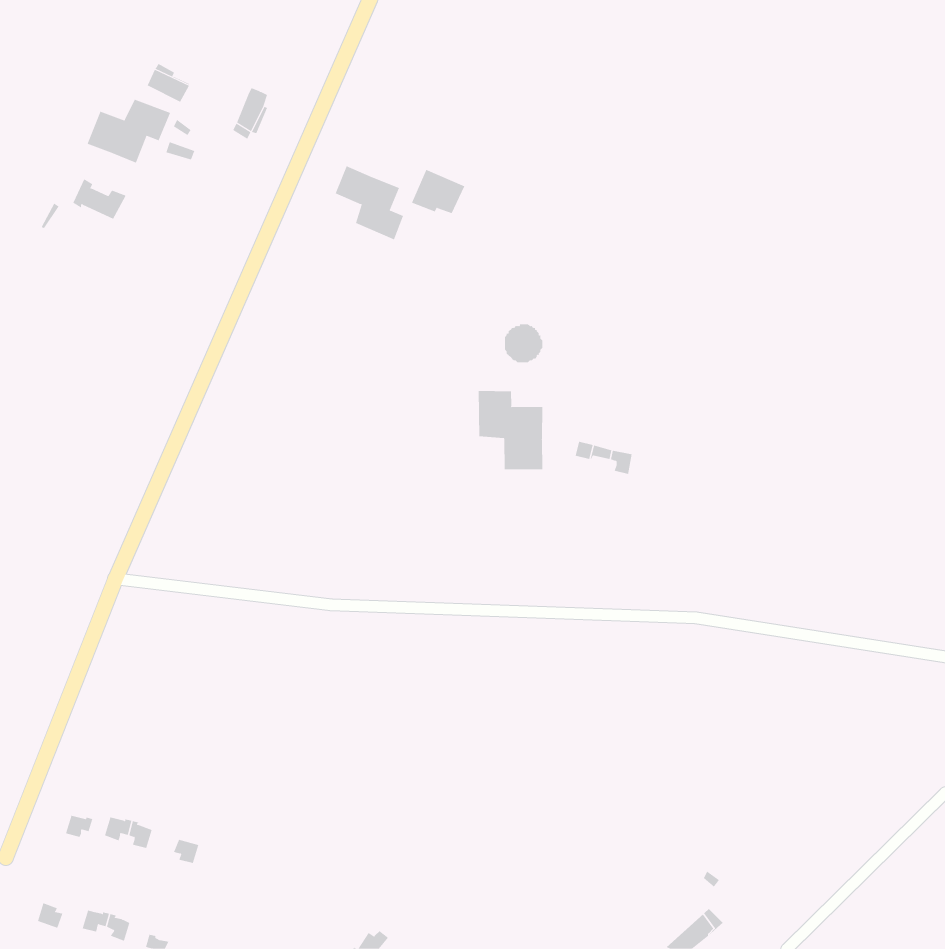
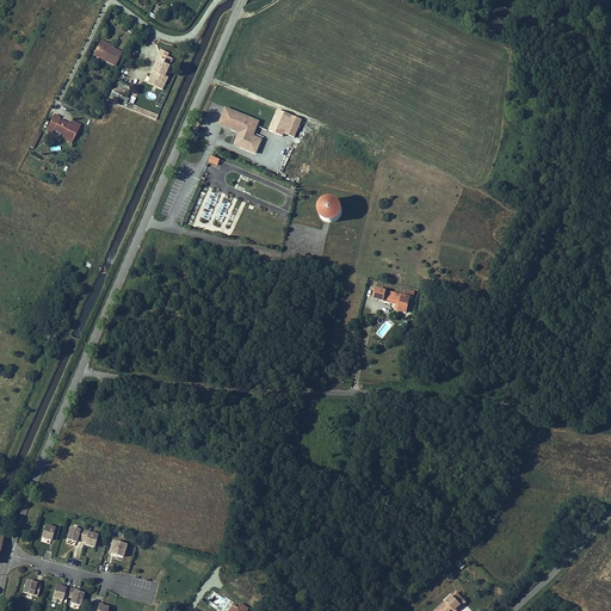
building: [87,99,171,164] -> none
building: [478,390,543,470] -> none

